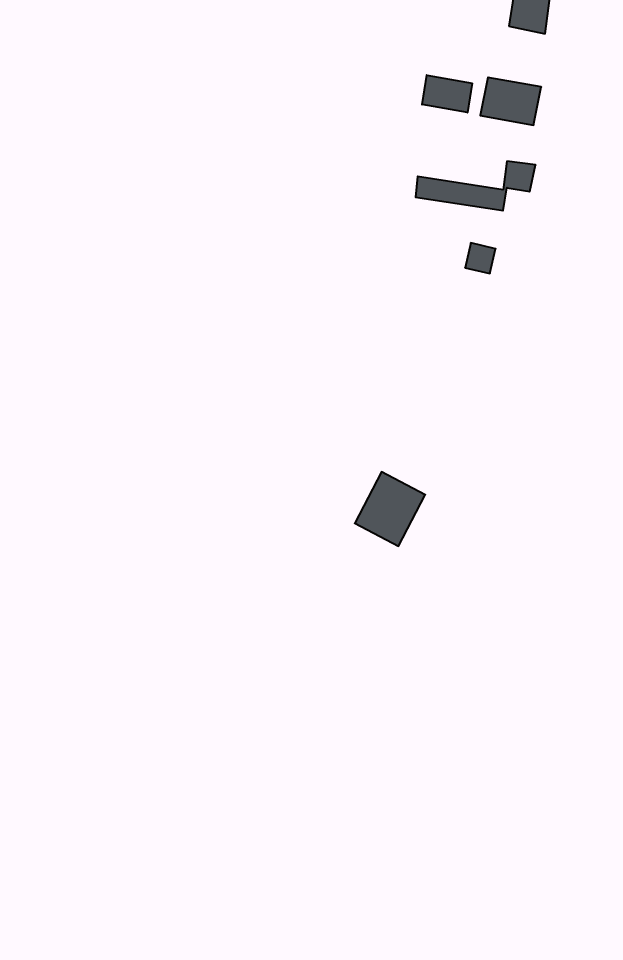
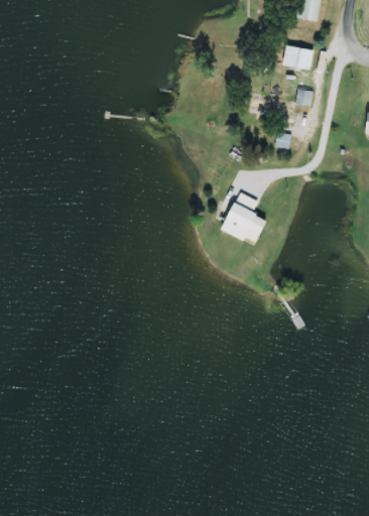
building: [422,75,472,113] -> none
building: [355,472,425,546] -> [222,202,259,241]

